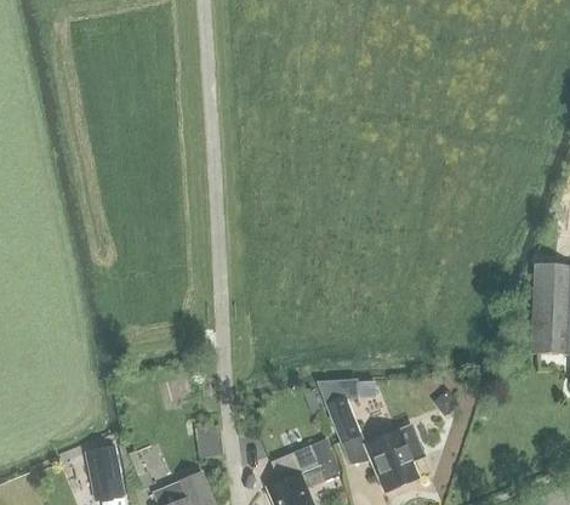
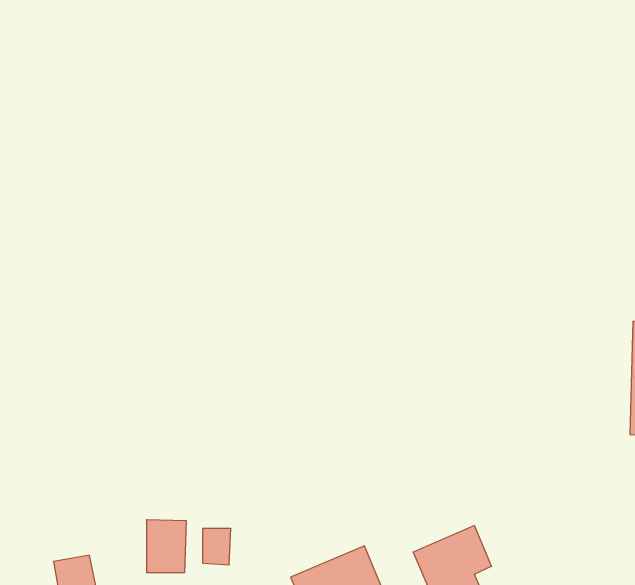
building: [315,378,361,442] -> none
building: none -> [147,519,186,573]

